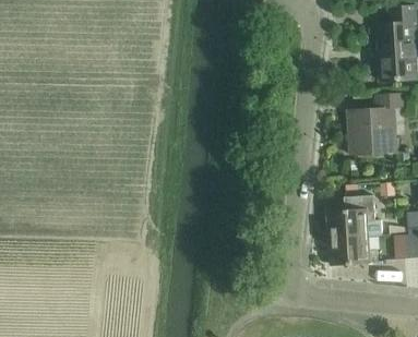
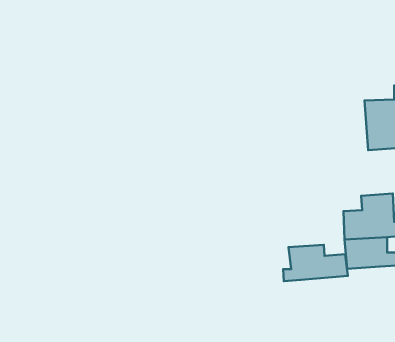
building: none -> [283,245,348,281]

